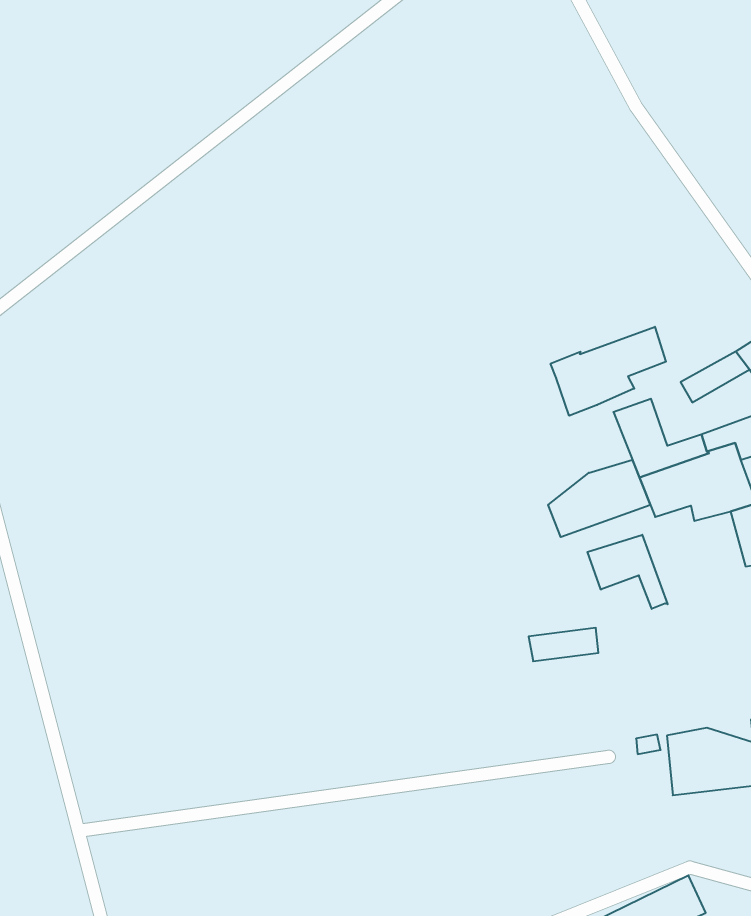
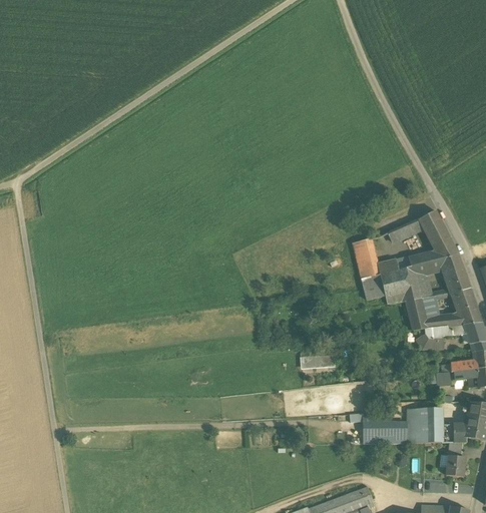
building: [551,327,666,416] -> none
building: [548,460,650,537] -> none
building: [587,535,668,609] -> none

